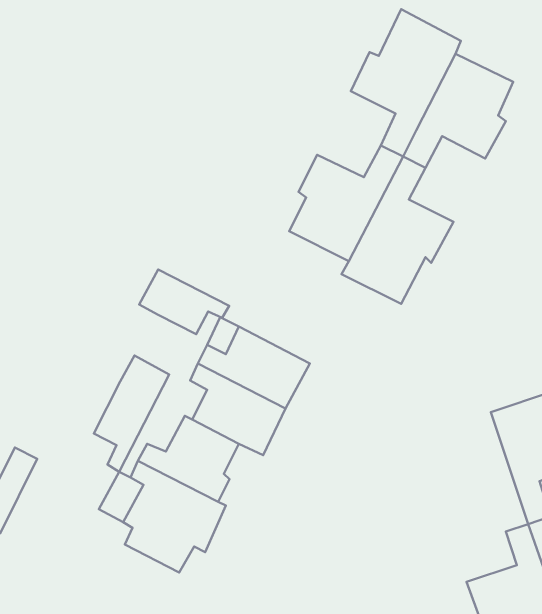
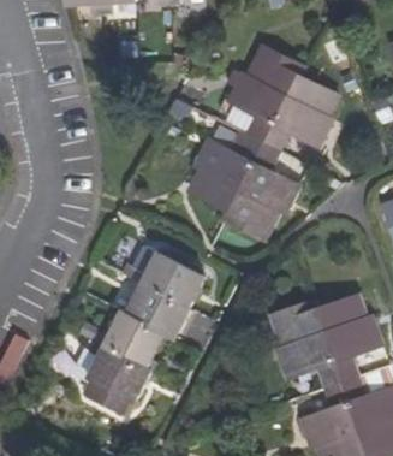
building: [139,270,229,334] -> none
building: [94,355,169,472] -> none
building: none -> [274,298,344,385]

